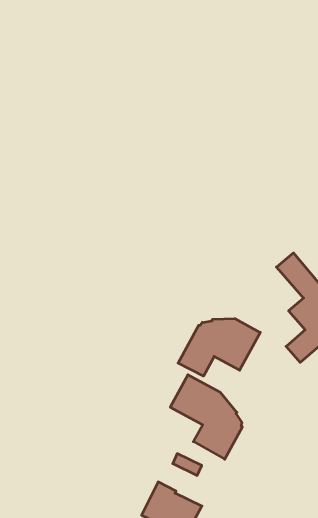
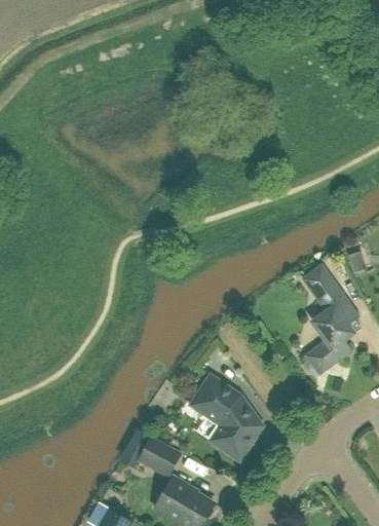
building: [178,319,260,376] -> none
building: none -> [140,437,181,475]

